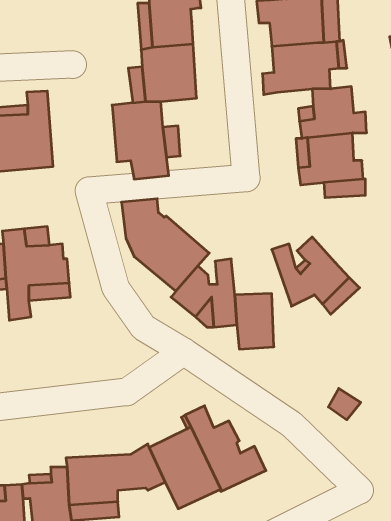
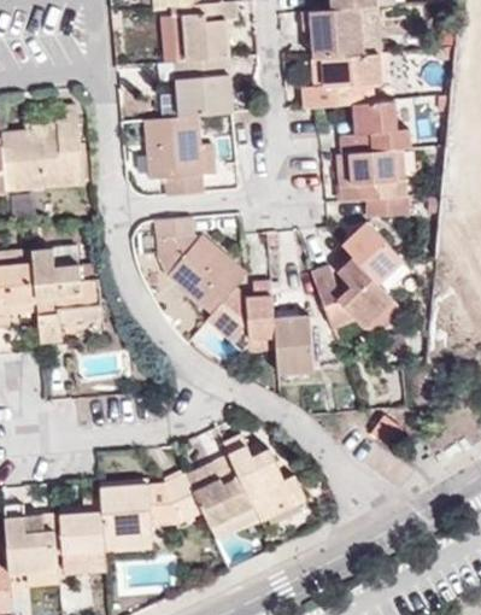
building: none -> [341,221,403,285]

